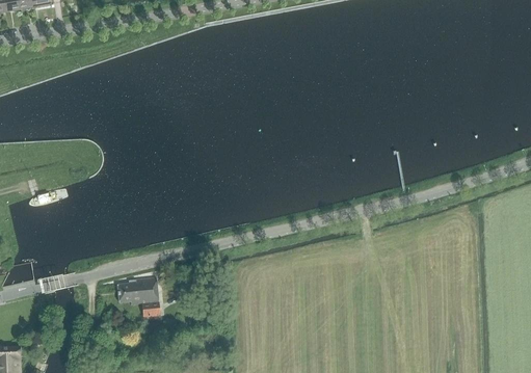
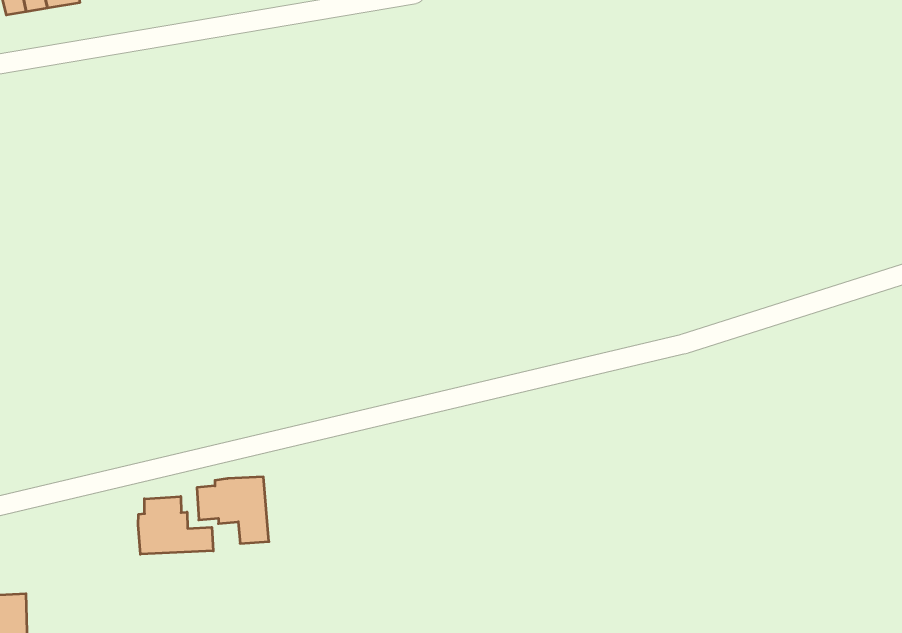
building: none -> [138,496,213,554]

